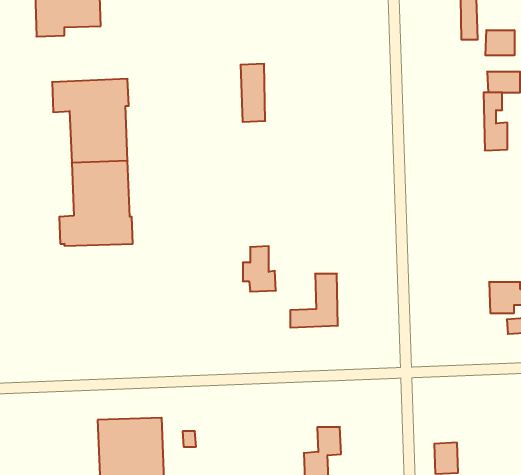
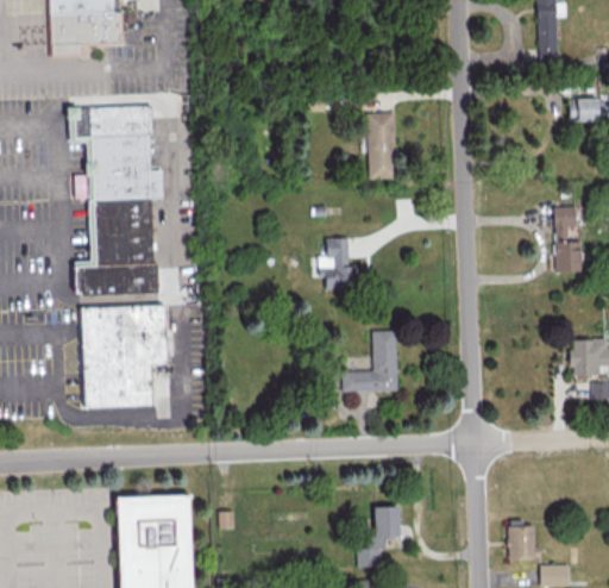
building: [485,30,514,55] -> none
building: [240,64,265,122] -> [366,112,395,179]
building: [484,92,507,150] -> [553,206,580,273]
building: [243,246,276,292] -> [318,237,356,289]
building: none -> [82,306,169,409]

